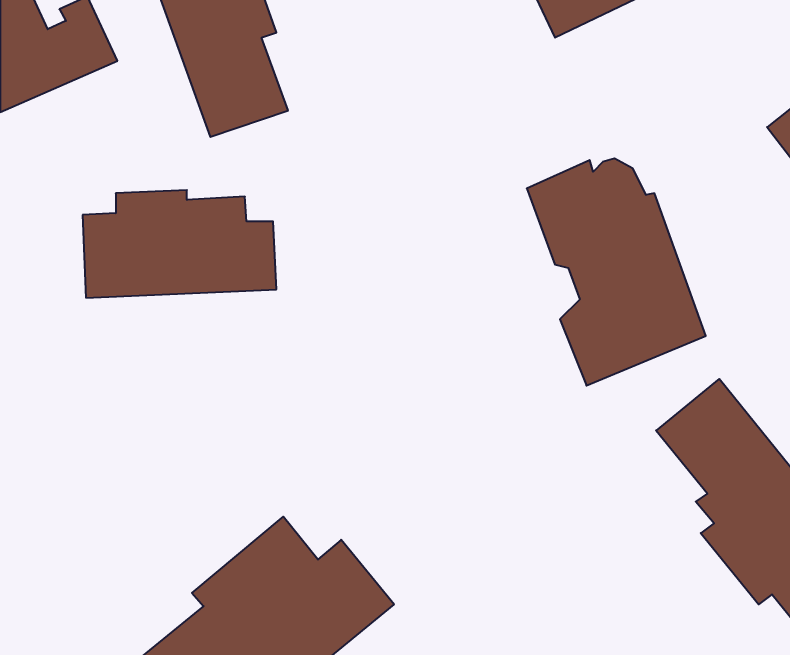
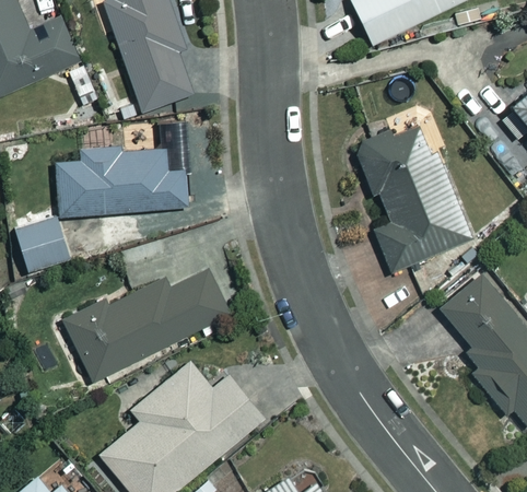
building: none -> [17,216,70,272]
building: none -> [66,269,231,383]

